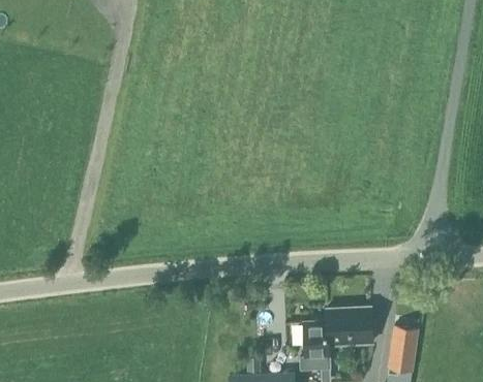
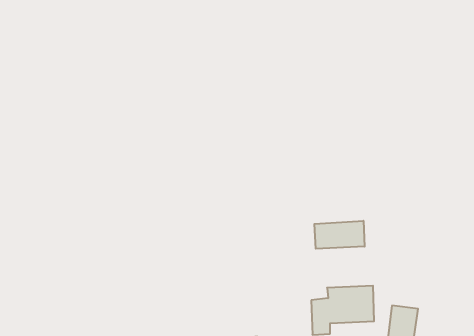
building: none -> [314,221,365,249]

